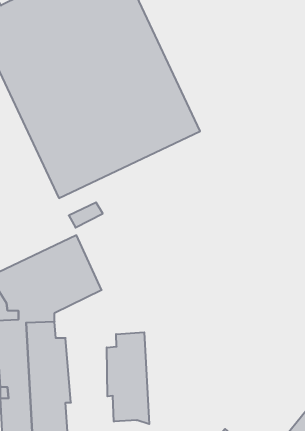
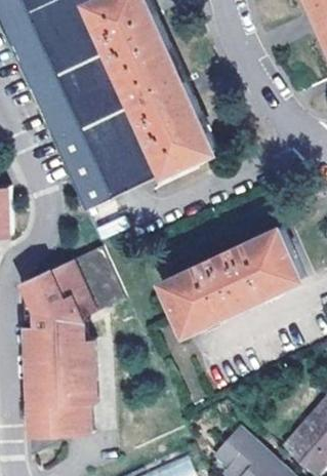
building: none -> [163,226,303,330]
building: [107,332,149,424] -> none

